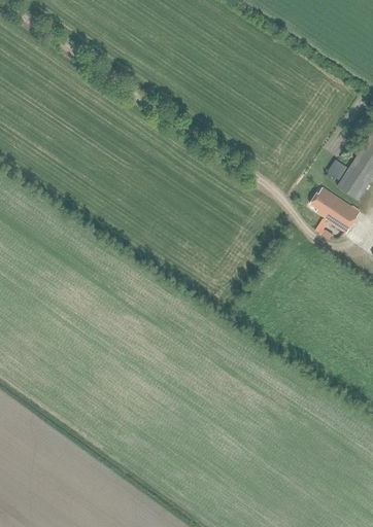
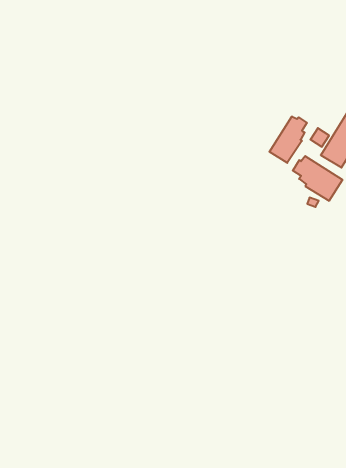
building: none -> [269,116,307,163]

